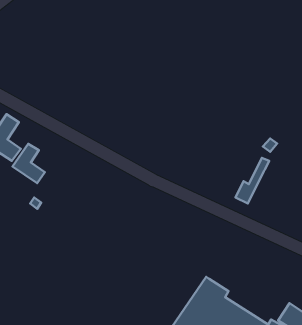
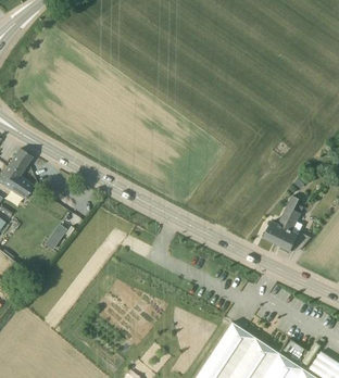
building: [12,144,45,183] -> none
building: none -> [277,210,311,251]

